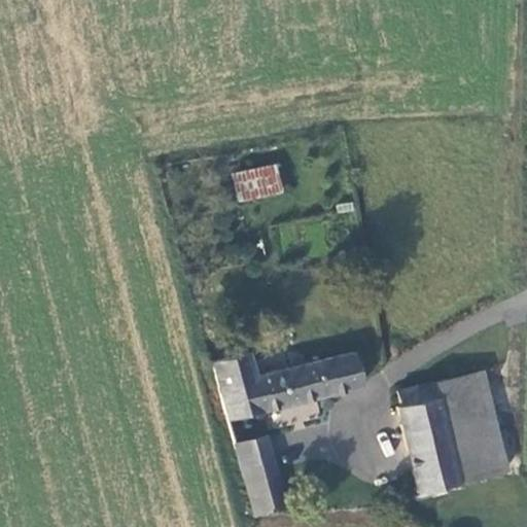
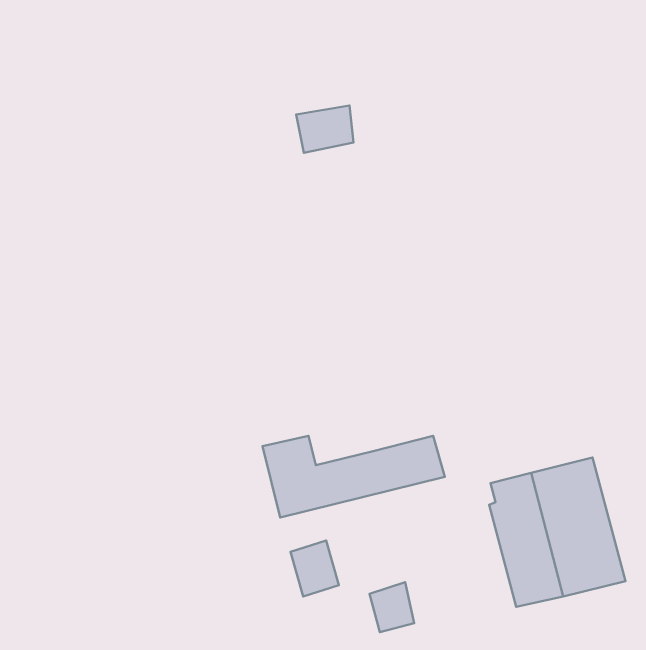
building: [231,167,277,205] -> [296,106,353,153]
building: [249,473,285,514] -> [370,582,414,632]

